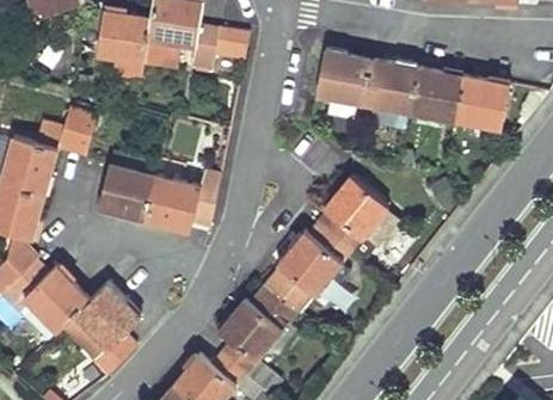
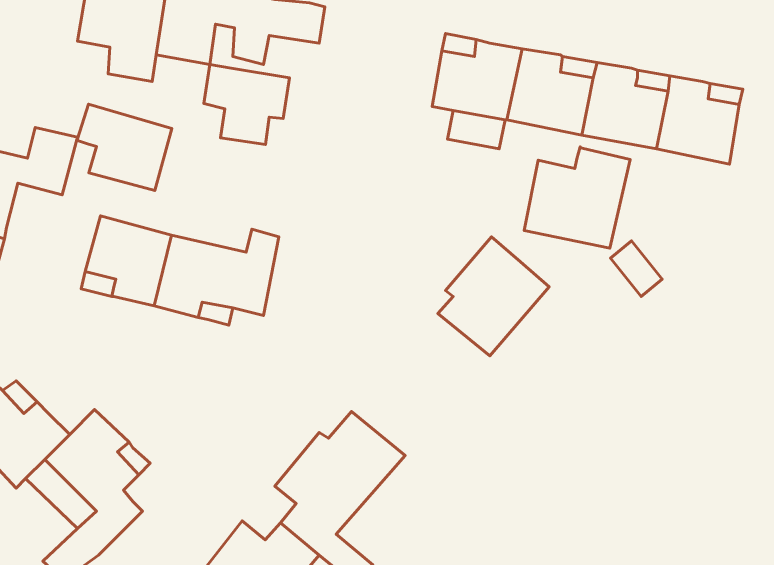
building: none -> [204,64,290,144]
building: none -> [77,104,172,191]
building: none -> [524,147,630,248]
building: [265,224,351,313] -> none

